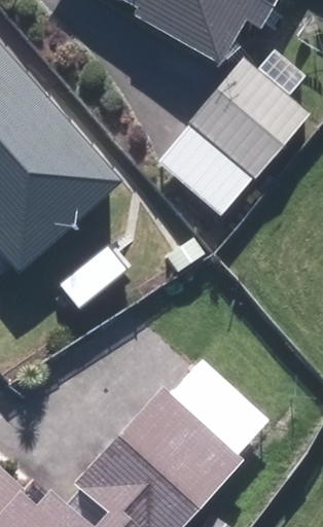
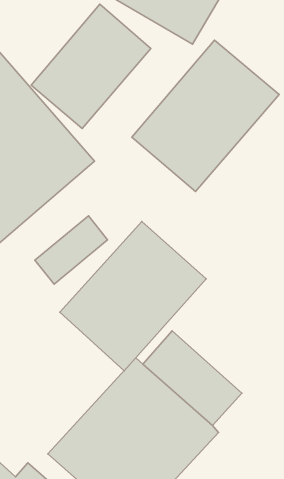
building: none -> [31,4,151,129]
building: none -> [60,221,206,371]

